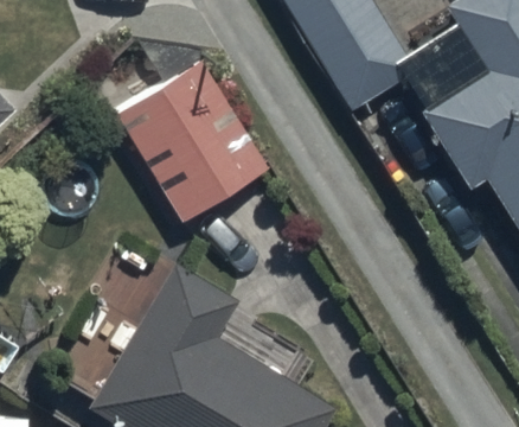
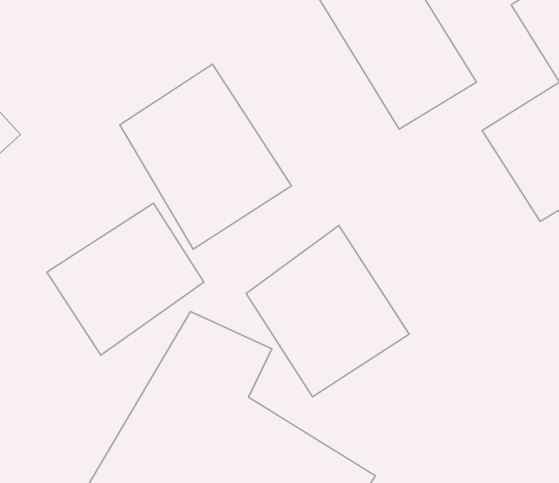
building: none -> [47,203,204,355]
building: none -> [246,226,409,397]

